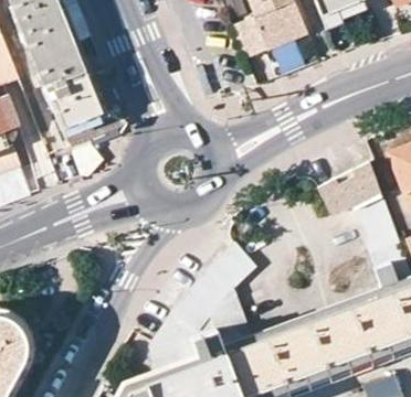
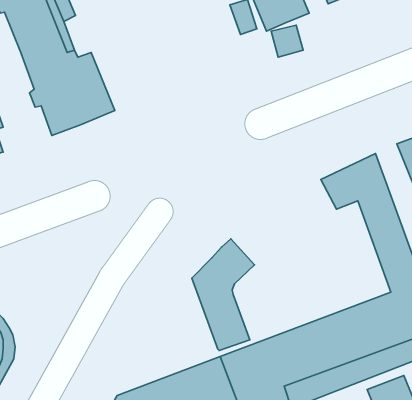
building: [147,278,221,368] -> none

